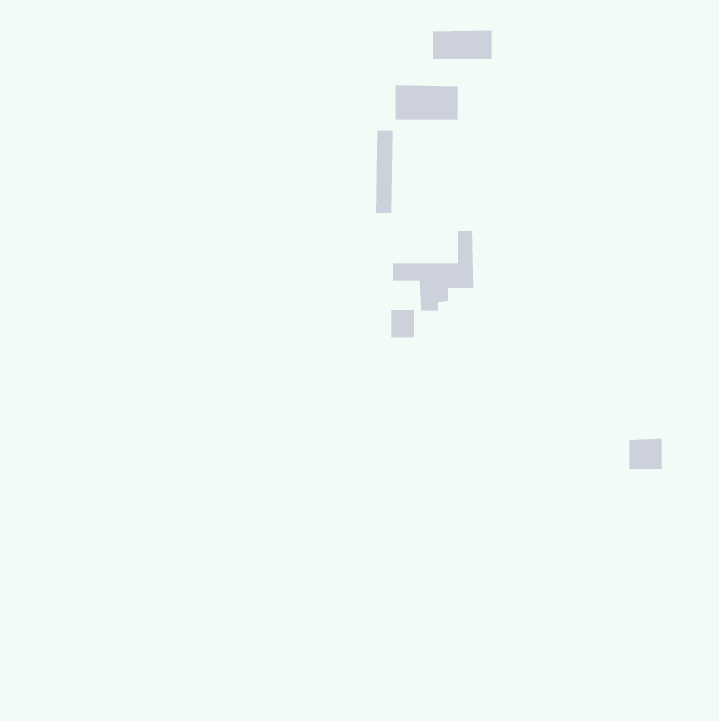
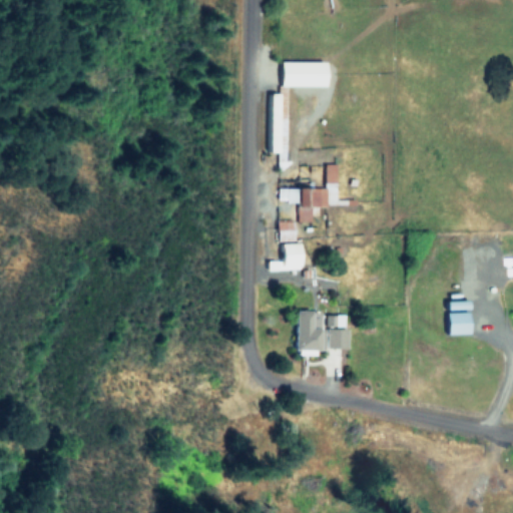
building: [433,30,492,60] -> none
building: none -> [282,242,303,270]
building: none -> [300,311,351,354]

